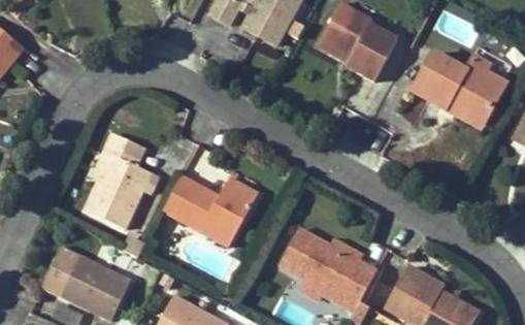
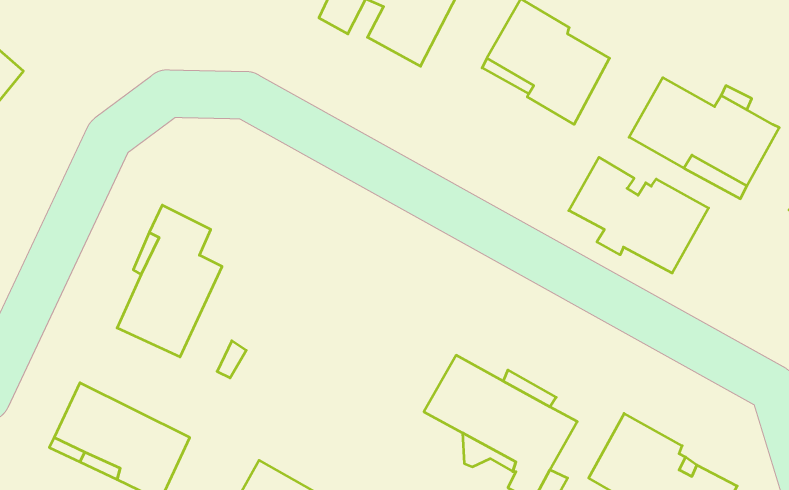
building: none -> [569,157,709,273]
building: [162,173,259,247] -> none

